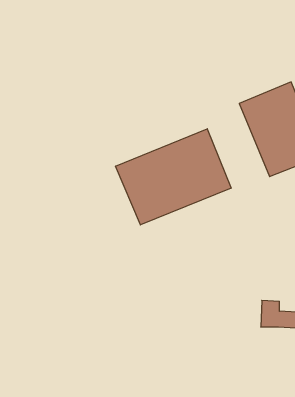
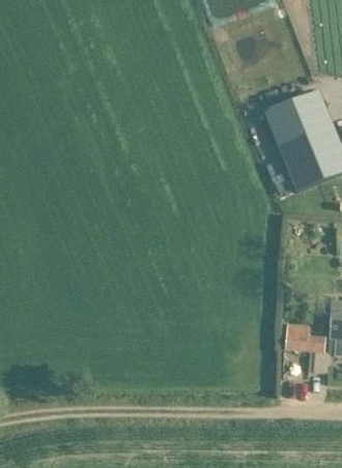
building: [116,129,231,225] -> none

